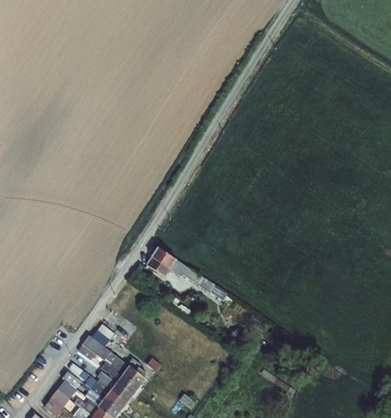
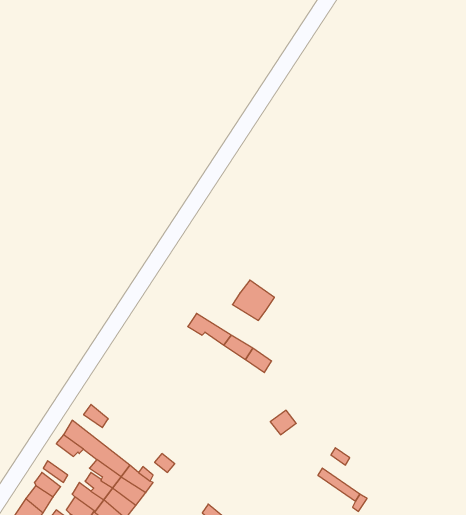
building: [146,248,176,277] -> [232,280,274,320]

